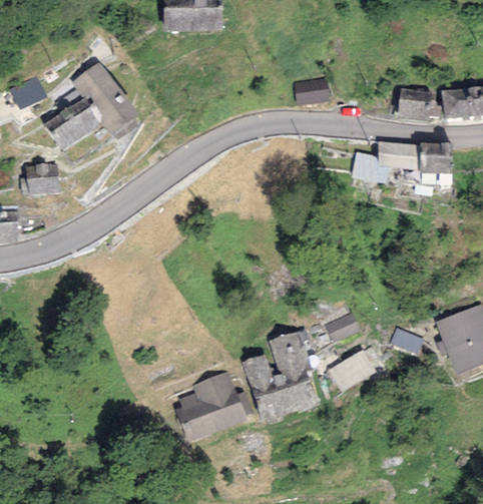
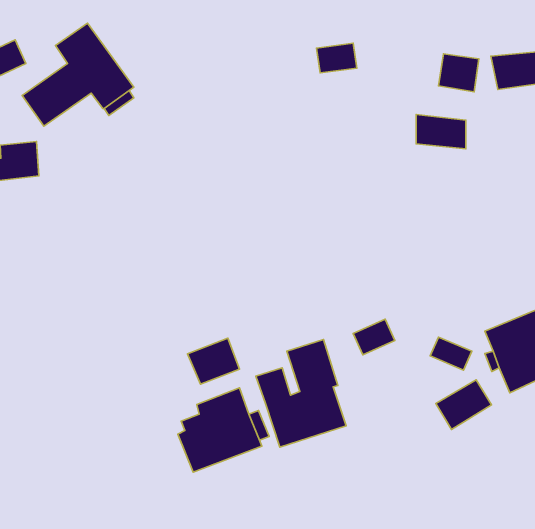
building: [420,141,453,172] -> none
building: [351,151,389,181] -> none
building: none -> [187,338,239,384]
building: [329,350,376,392] -> [436,380,492,430]

